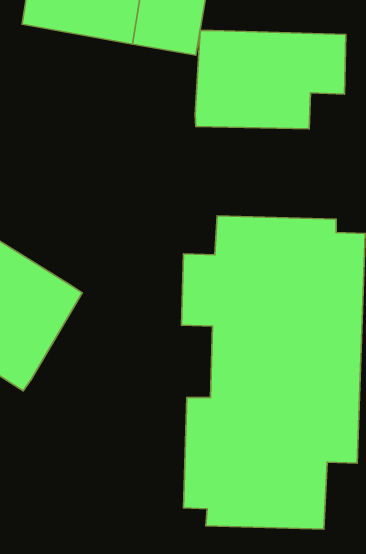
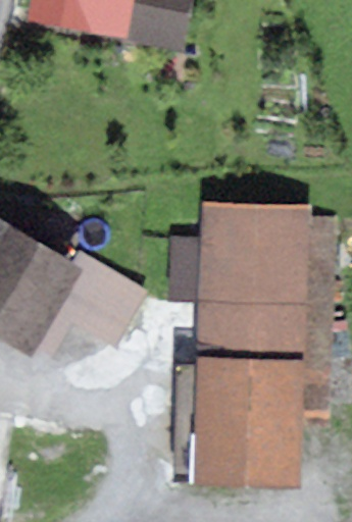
building: [195,30,346,129] -> none
building: none -> [33,250,148,361]

